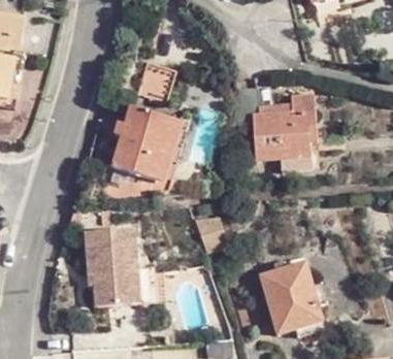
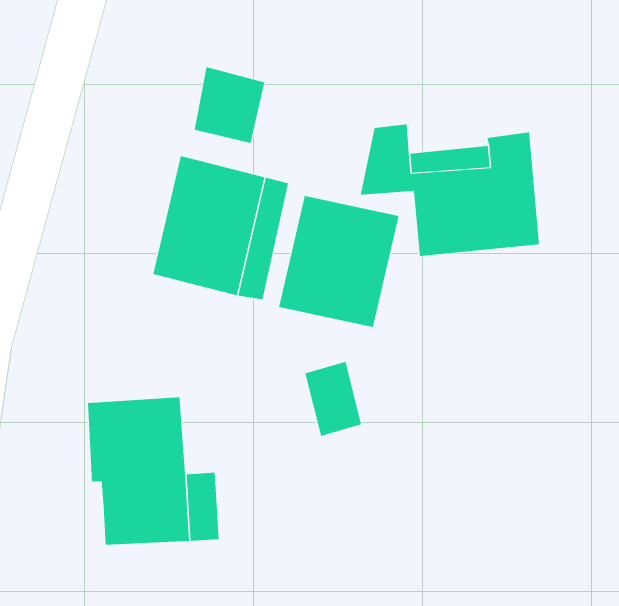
building: none -> [278,195,399,328]
building: [262,264,322,335] -> none

